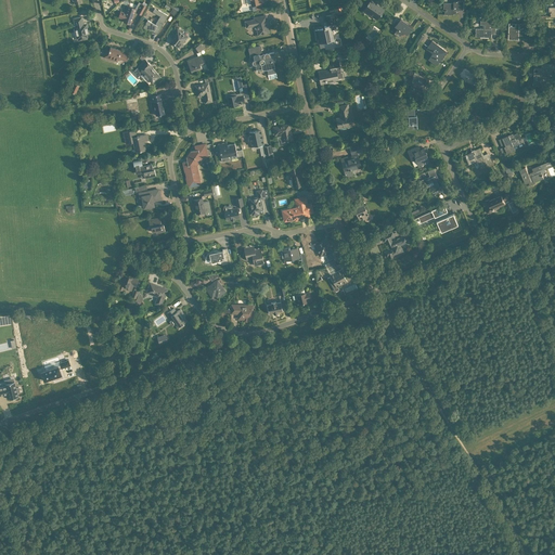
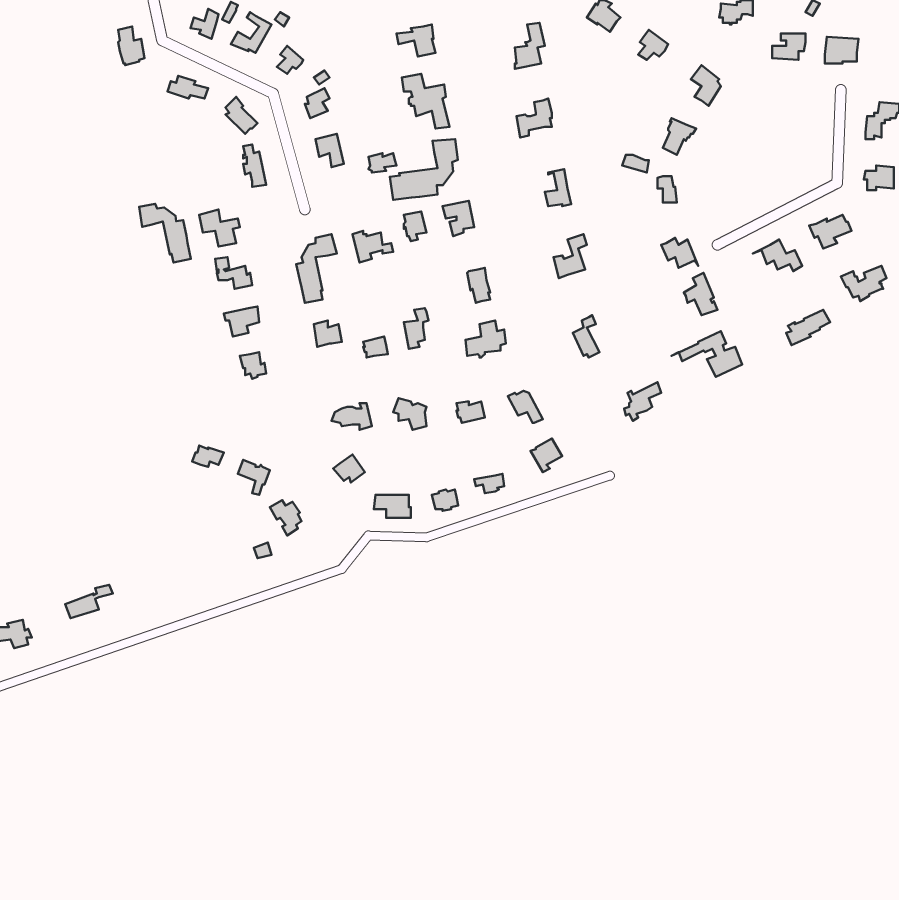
building: none -> [390,139,458,200]
building: none -> [139,204,191,263]

